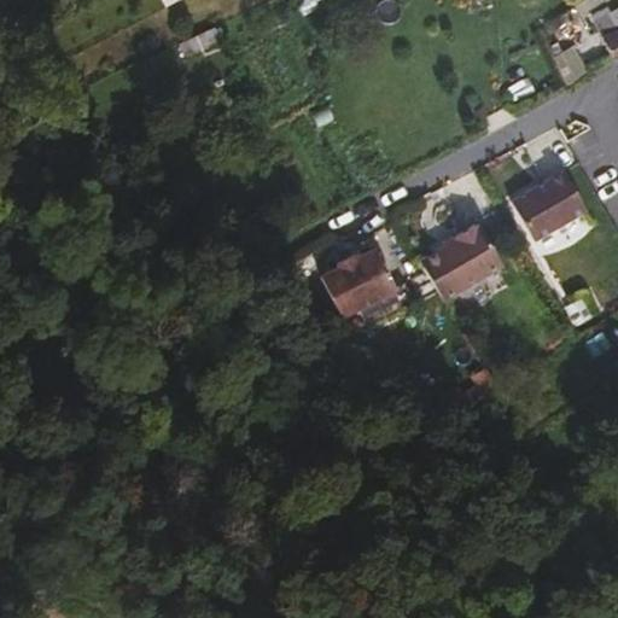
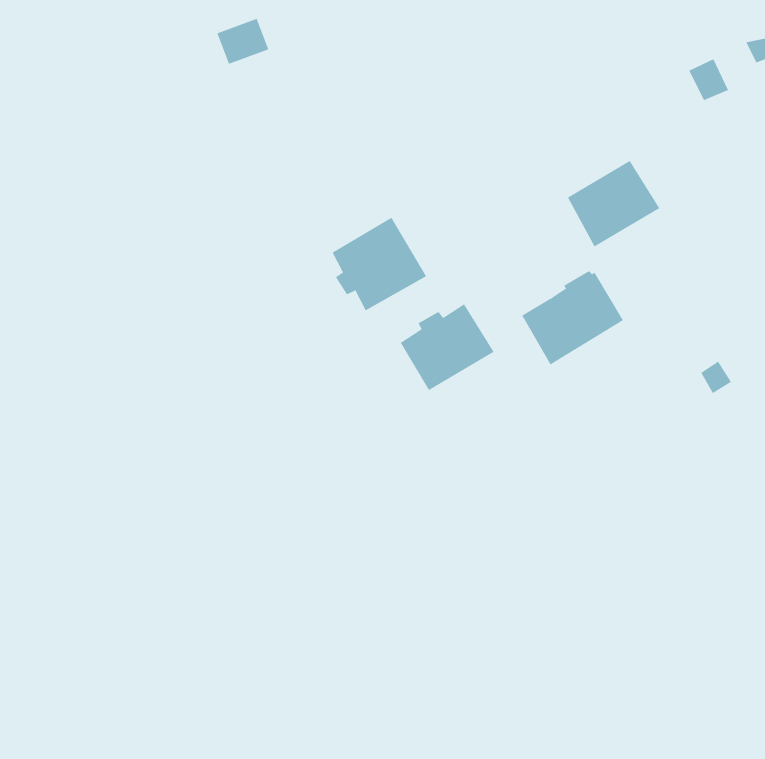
building: [509,169,584,239] -> [567,160,660,247]
building: none -> [332,217,427,311]

